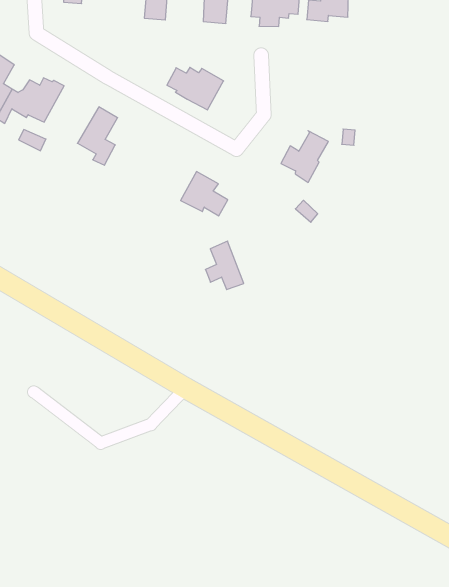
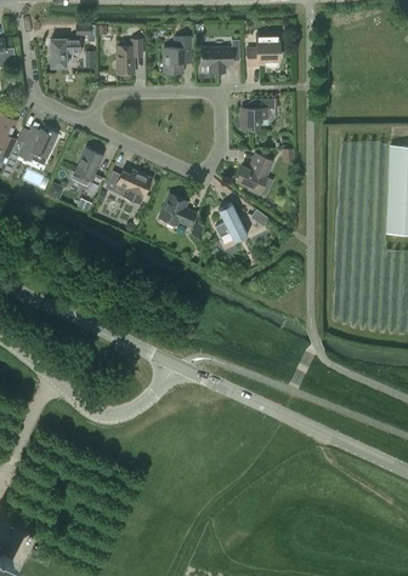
building: none -> [239,99,277,130]
building: [167,67,224,110] -> [106,171,151,204]
building: [205,241,244,290] -> [215,204,246,243]

